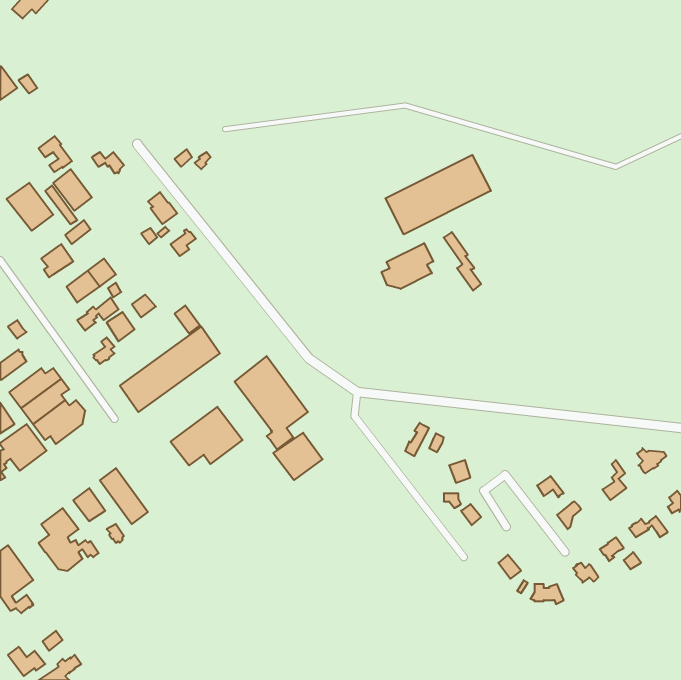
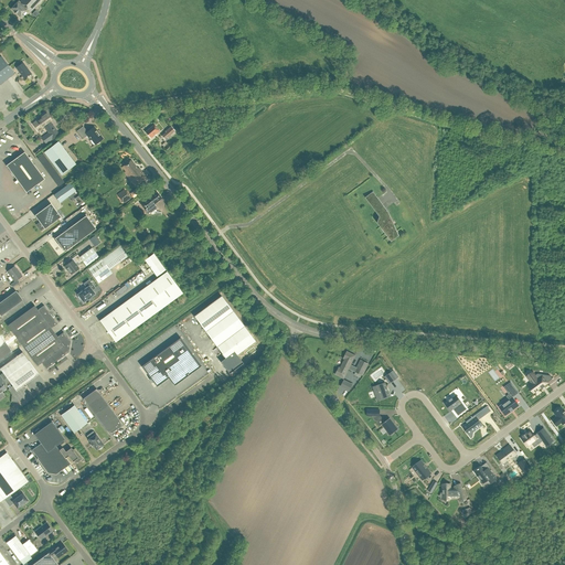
building: [385,155,491,234] -> none
building: [382,243,433,289] -> none
building: [273,433,323,480] -> none

